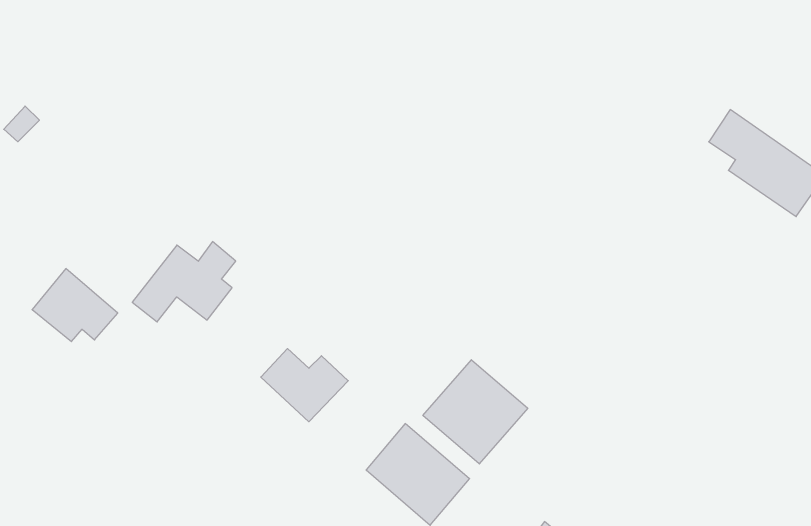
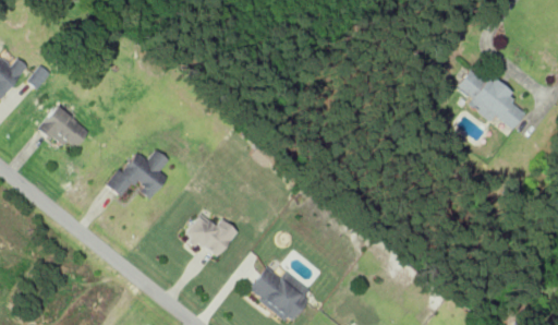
building: [32,269,118,342] -> [36,105,88,149]
building: [423,360,528,464] -> none

